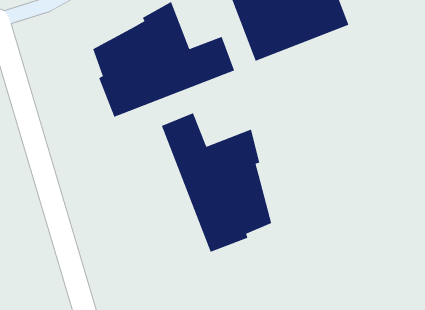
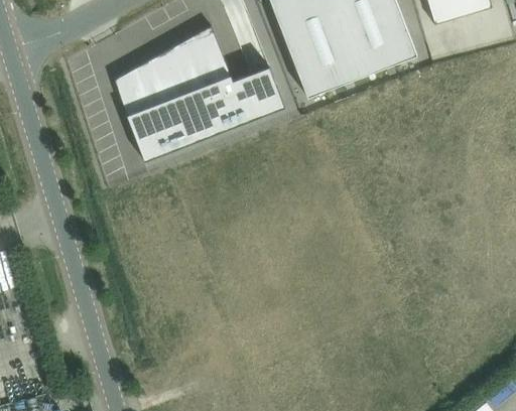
building: [161,112,272,253] -> none

